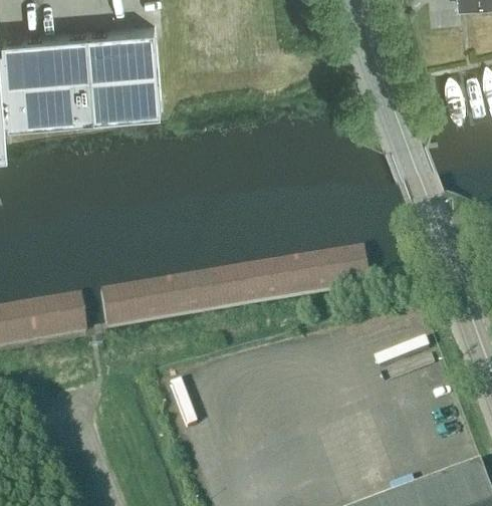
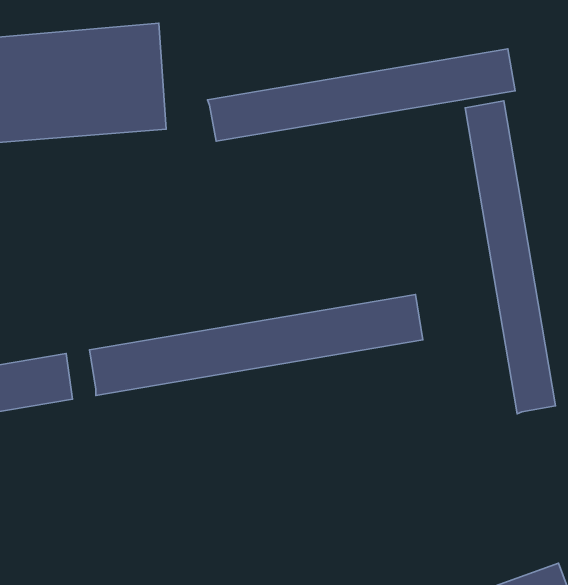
building: none -> [208,49,515,141]
building: none -> [465,101,555,414]

